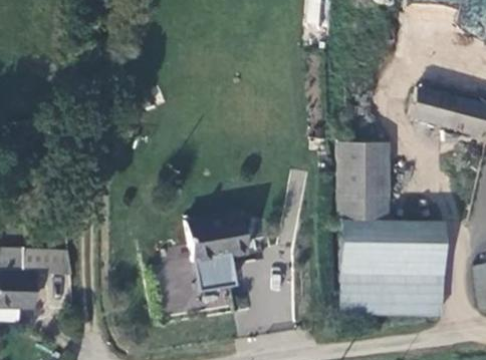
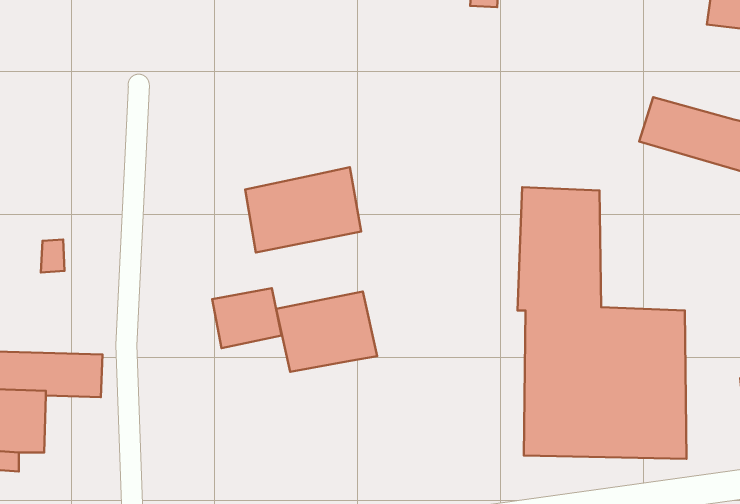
building: none -> [245,167,361,252]
building: [192,254,236,292] -> [212,288,281,348]

